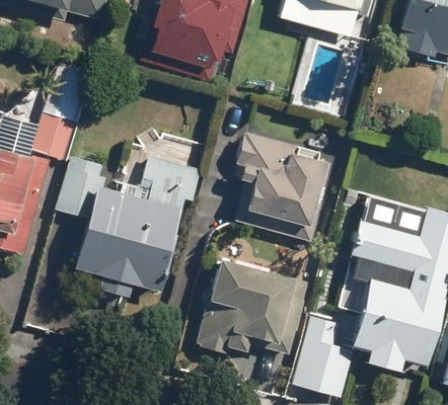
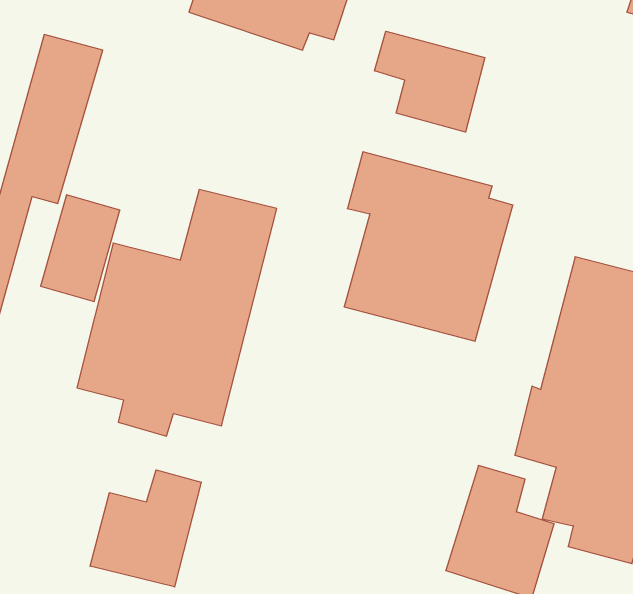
building: none -> [375,31,485,132]
building: [196,257,309,355] -> none
building: none -> [90,470,201,587]

